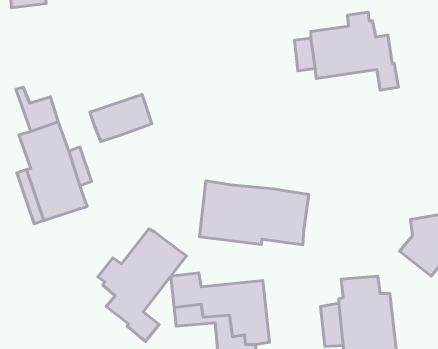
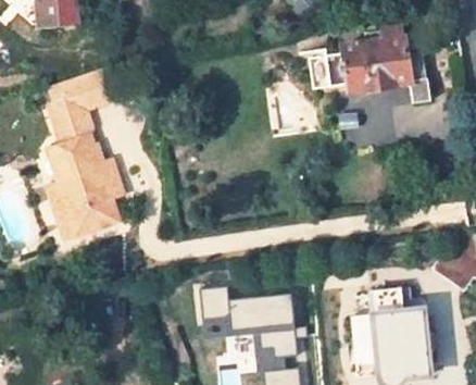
building: [90,95,152,141] -> [49,70,111,116]
building: [200,181,309,245] -> none
building: [98,229,186,341] -> none

